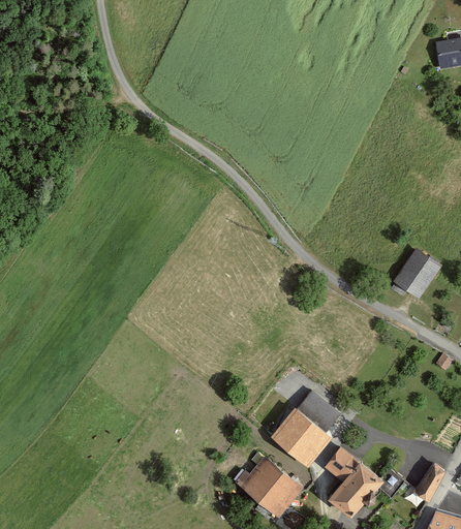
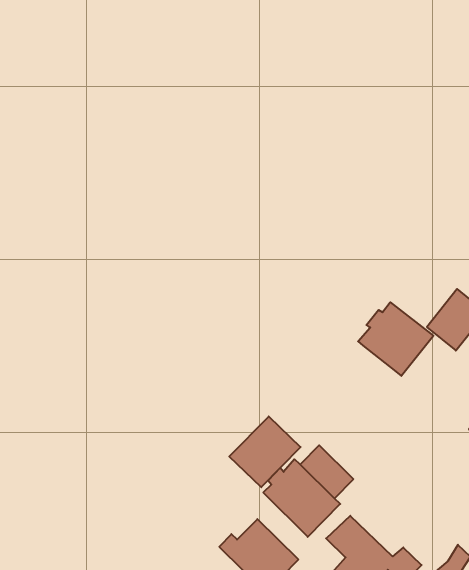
building: none -> [358,302,433,376]
building: none -> [229,416,301,487]

